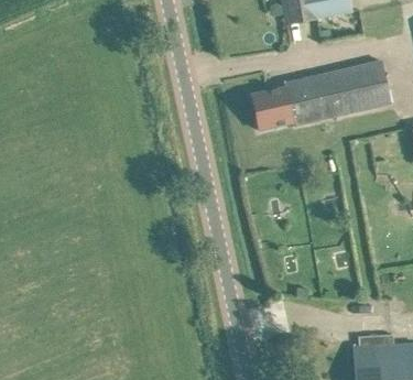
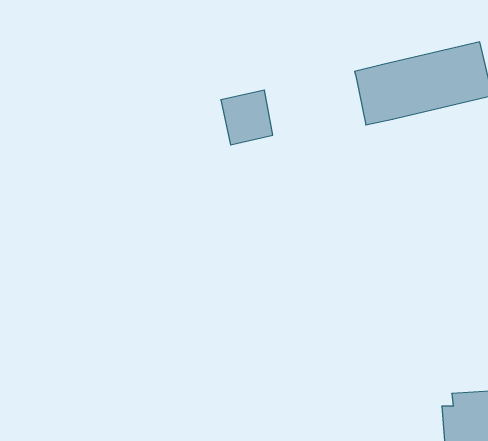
building: [250,88,291,131] -> [221,90,273,145]

